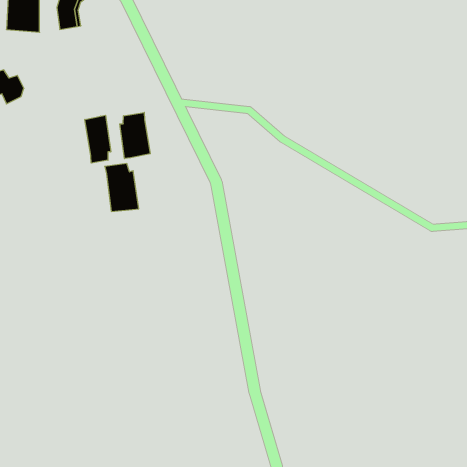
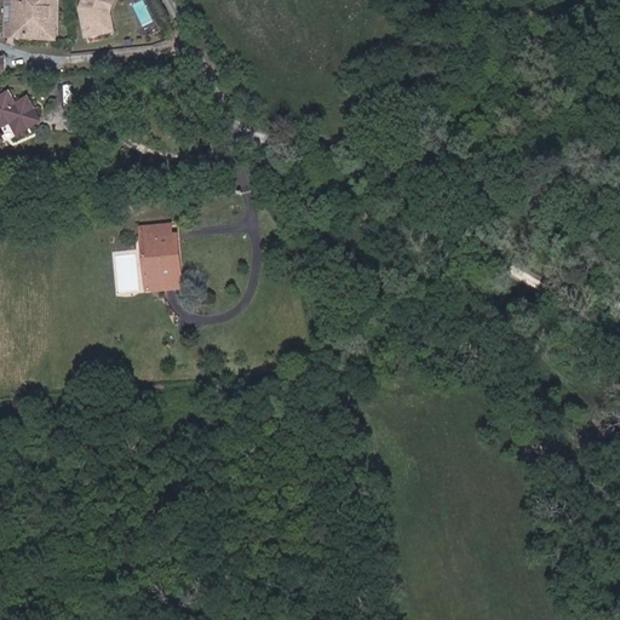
building: [120,112,150,159] -> none
building: [85,115,111,163] -> none

